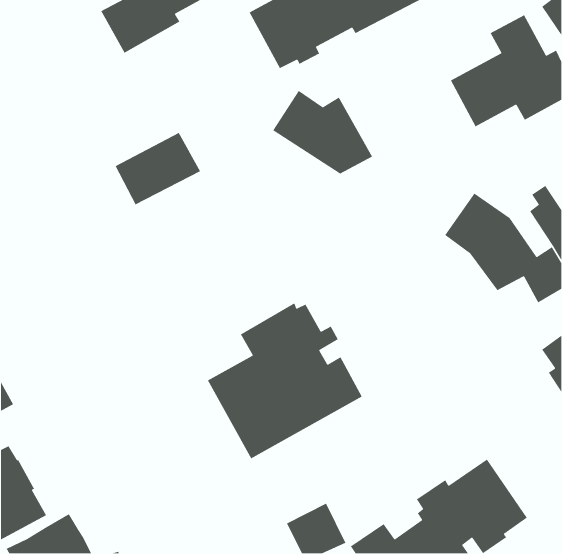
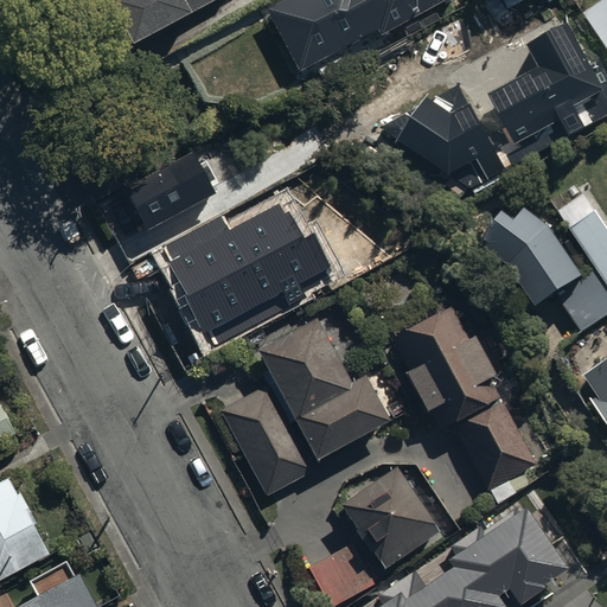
building: [272,90,373,175] -> [397,89,506,180]
building: none -> [164,196,333,338]
building: none -> [394,307,541,497]
building: none -> [340,473,440,575]

